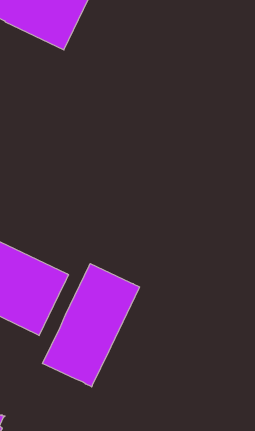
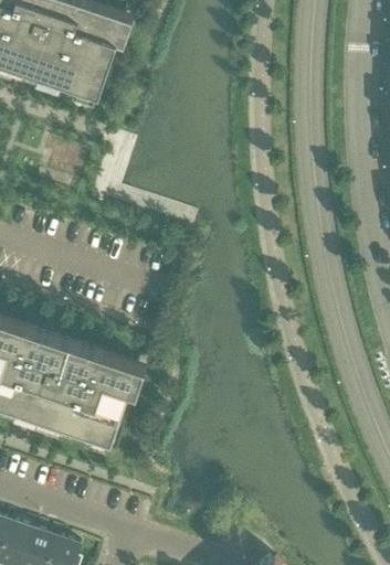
building: [43,264,139,387] -> none

